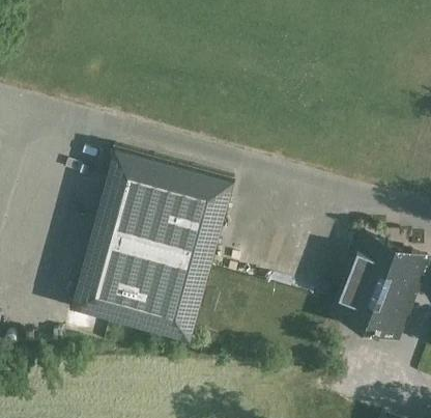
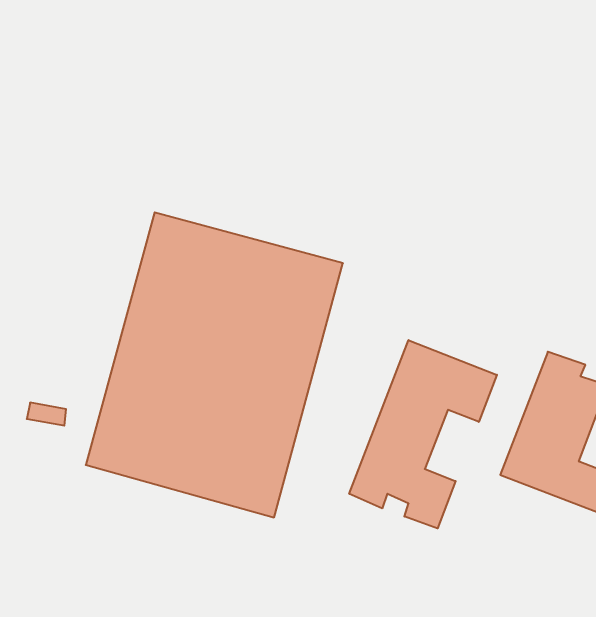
building: none -> [349,340,497,528]

